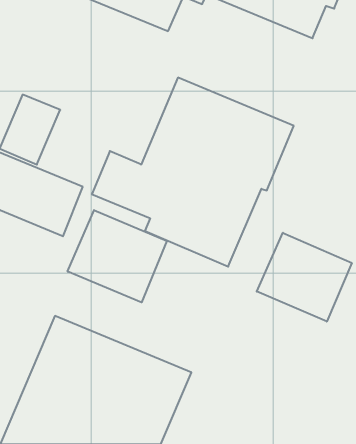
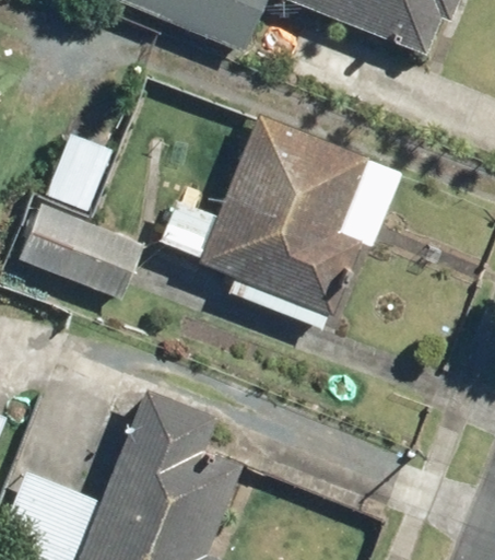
building: [68,210,167,302] -> none
building: [257,233,352,322] -> none

